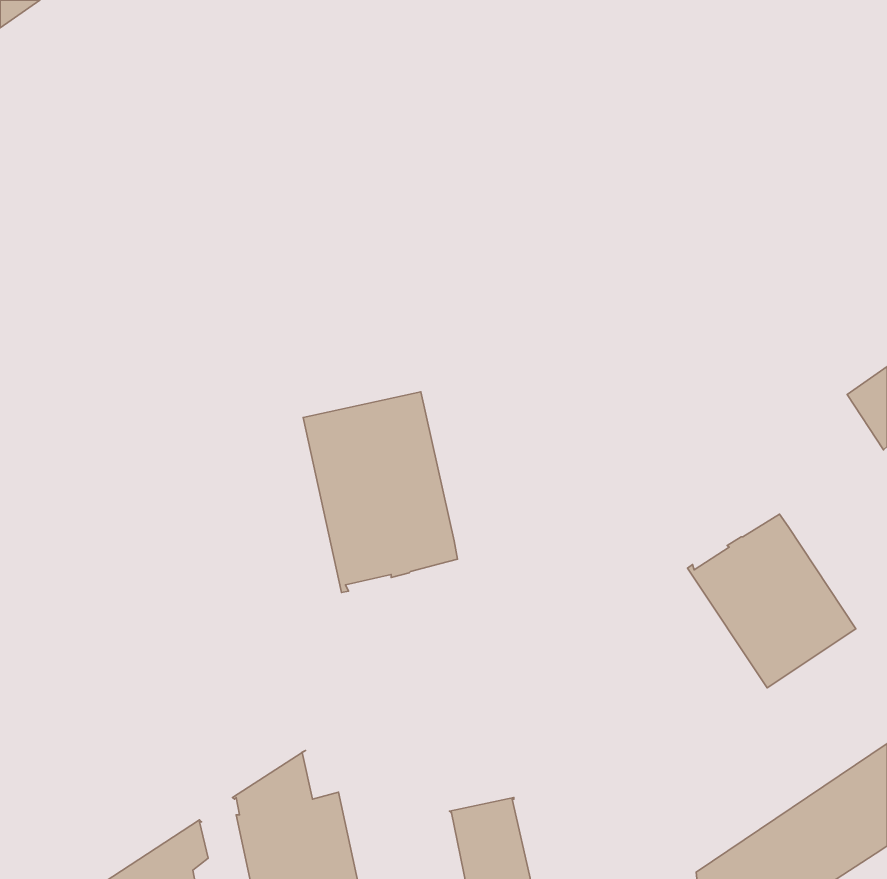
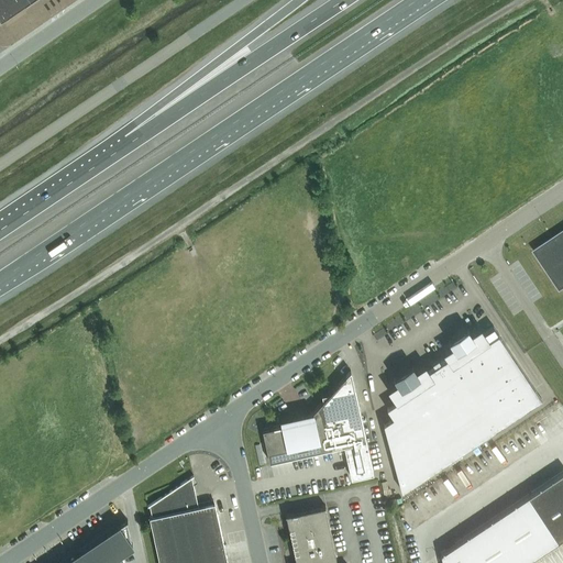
building: [303,392,457,593] -> none
building: none -> [384,365,486,497]
building: none -> [263,375,373,483]

